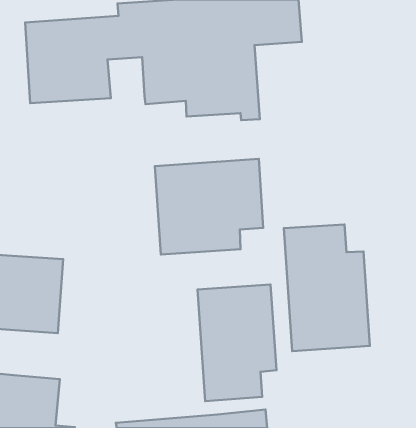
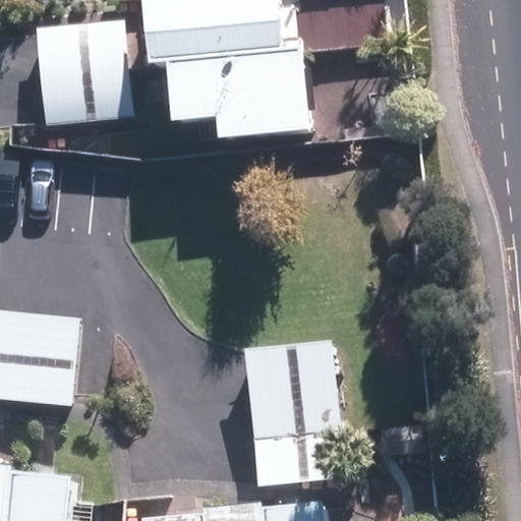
building: [155,159,263,255] -> none
building: [284,224,370,351] -> none

